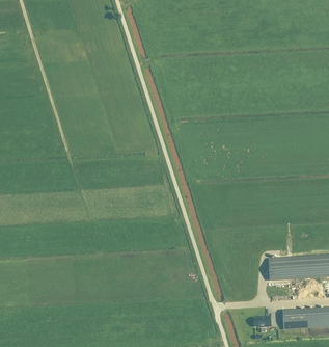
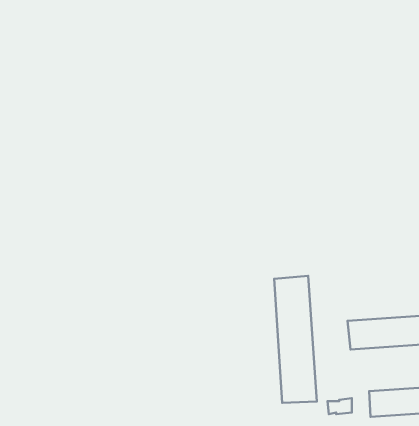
building: none -> [274,276,317,403]

